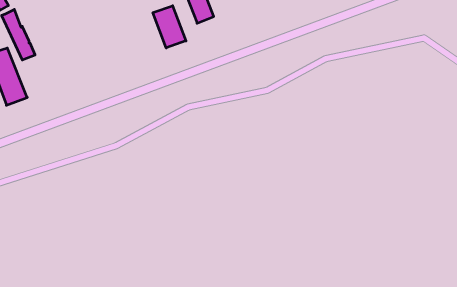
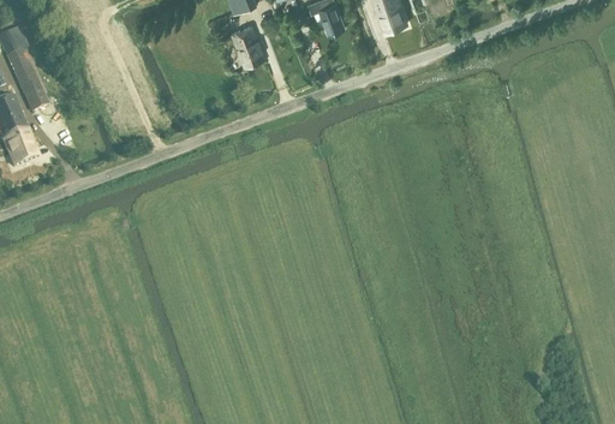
building: [153,6,186,48] -> none

